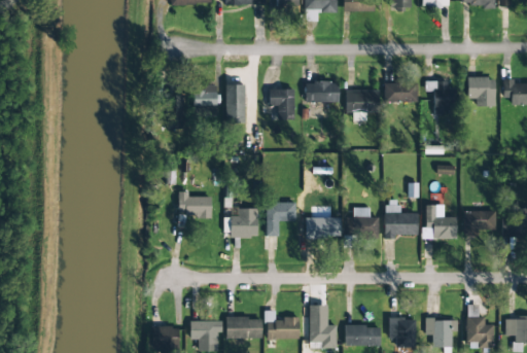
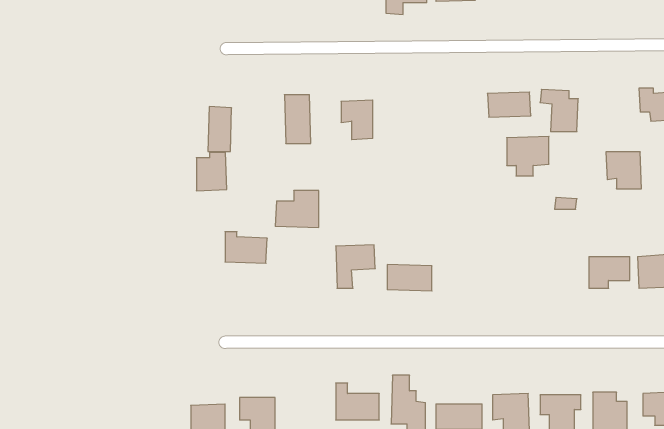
building: [467,77,495,106] -> [606,152,641,189]
building: [306,81,339,102] -> none
building: [194,85,217,115] -> [196,153,227,191]
building: [346,90,379,120] -> [507,136,549,176]
building: [385,202,418,239] -> none
building: [424,205,457,239] -> none
building: [223,208,257,237] -> [275,191,319,227]
building: [346,208,378,247] -> none
building: [225,317,261,339] -> none

